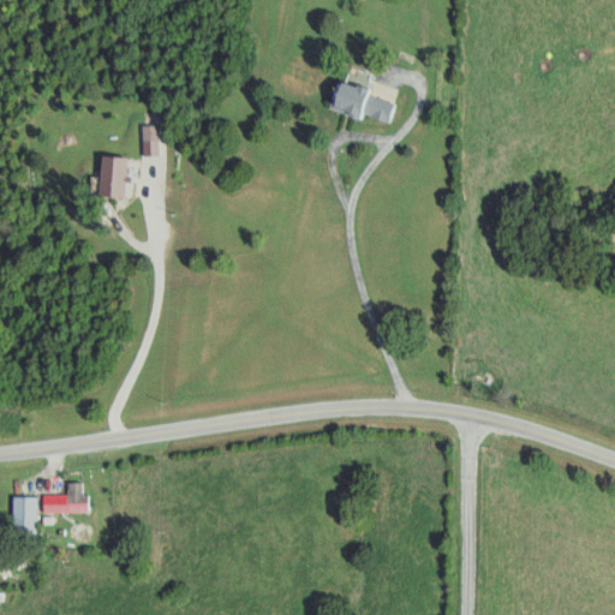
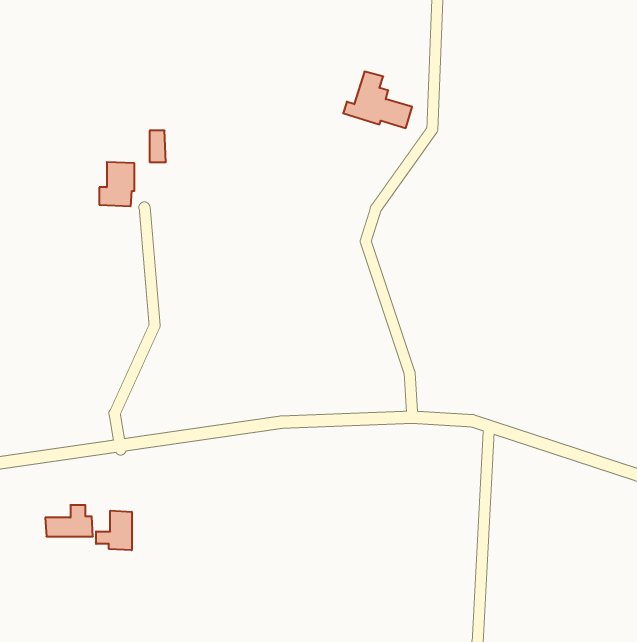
building: none -> [96,511,132,550]
building: [12,496,37,535] -> none

